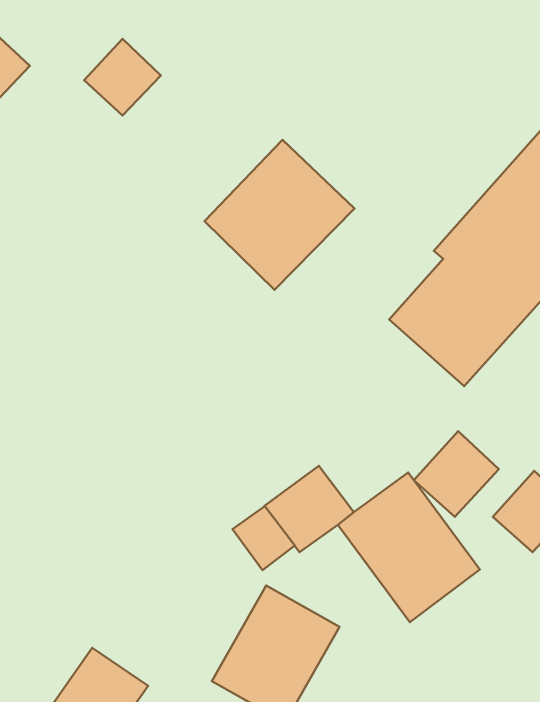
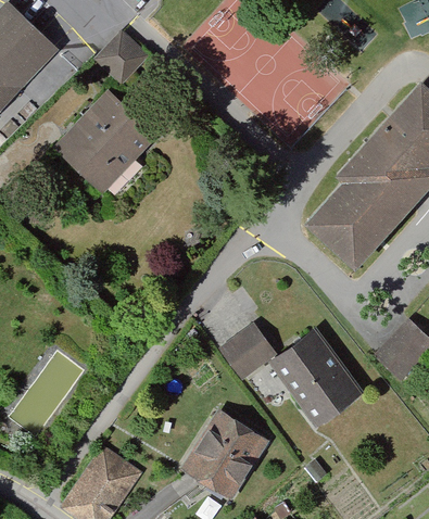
building: [204,140,354,290] -> [54,92,156,194]
building: [414,431,499,517] -> none
building: [233,506,295,570] -> none

